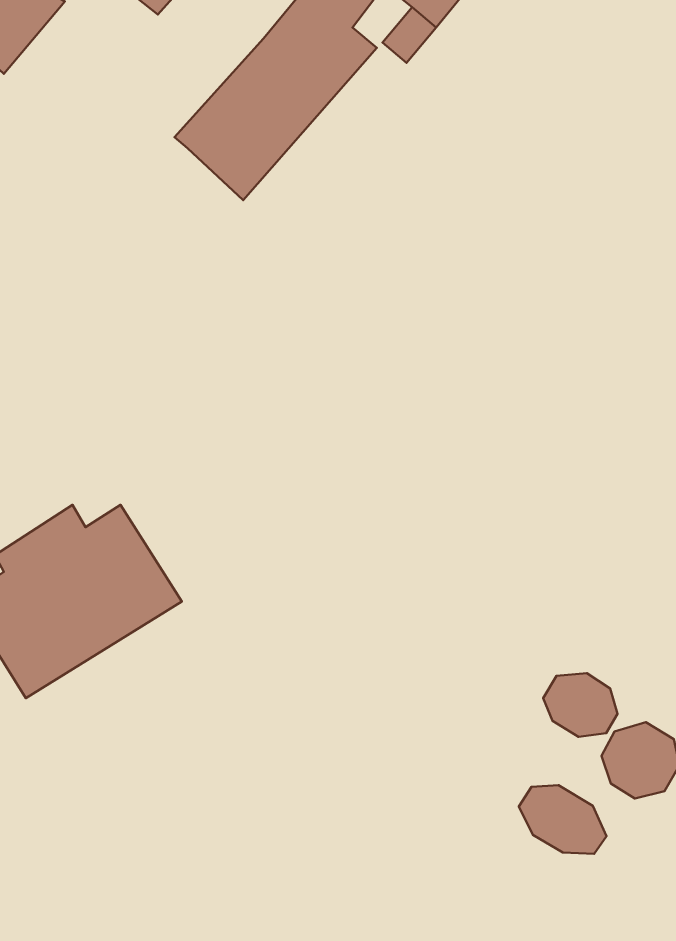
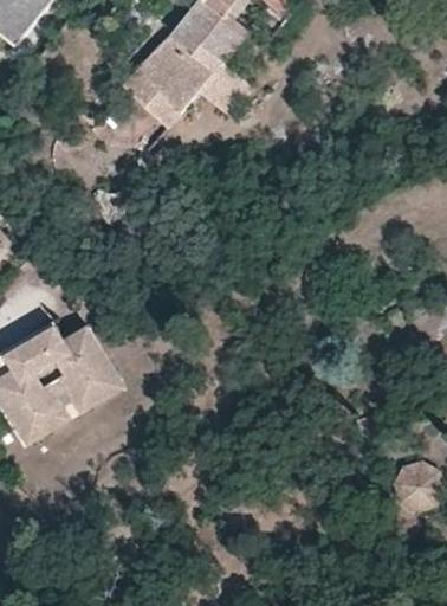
building: [543,673,618,737] -> none
building: [519,785,607,854] -> none

